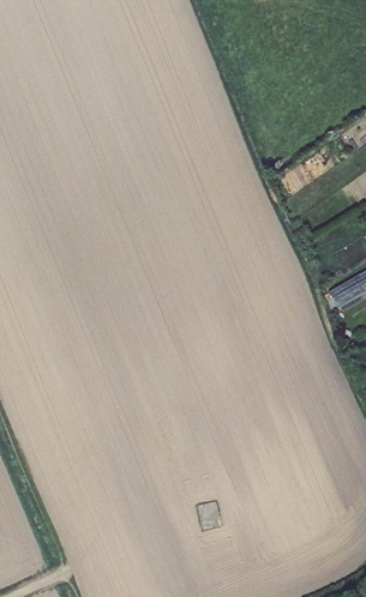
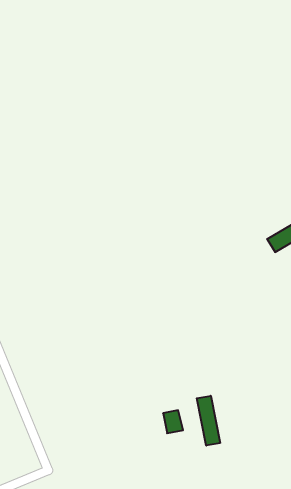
building: none -> [197,396,220,446]

